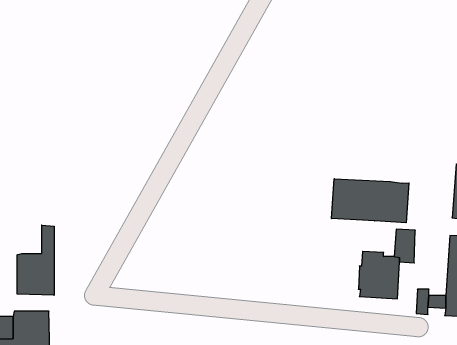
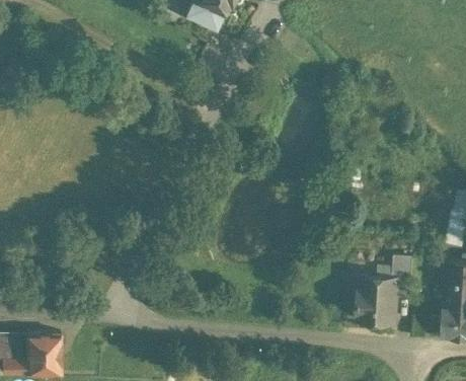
building: [332,179,409,223] -> none
building: [17,225,54,295] -> none

